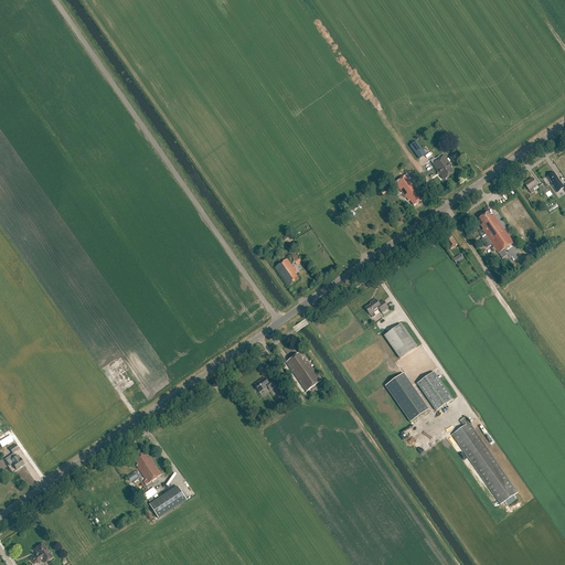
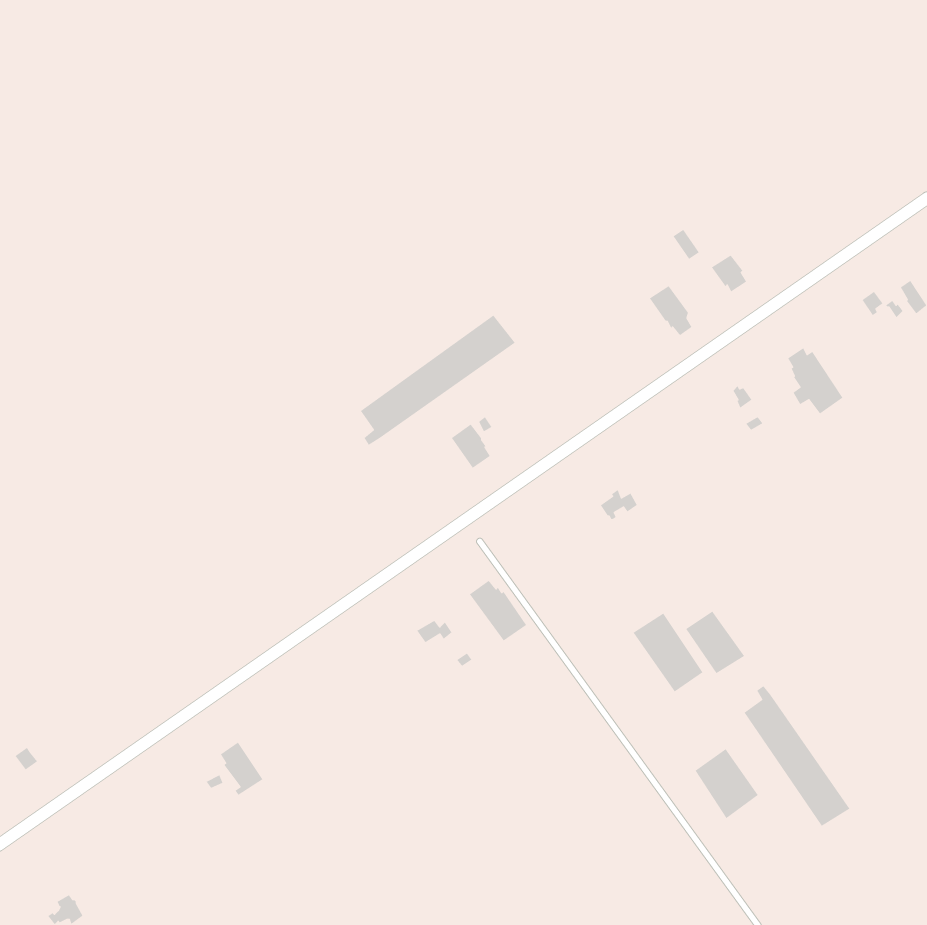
building: none -> [360,315,516,446]
building: [383,322,415,356] -> none
building: none -> [694,748,759,819]
building: [149,486,185,516] -> none

